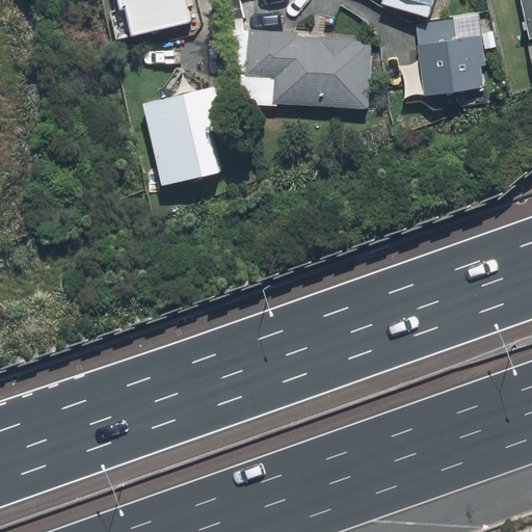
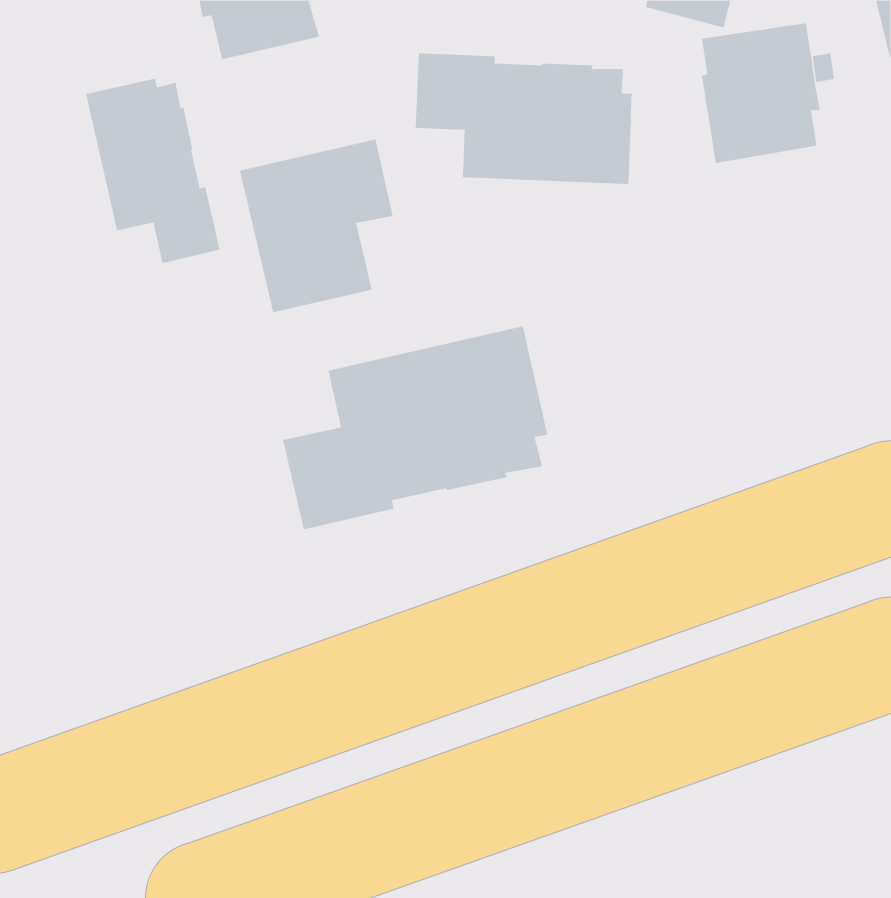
building: none -> [85,78,220,264]
building: none -> [283,326,548,530]

